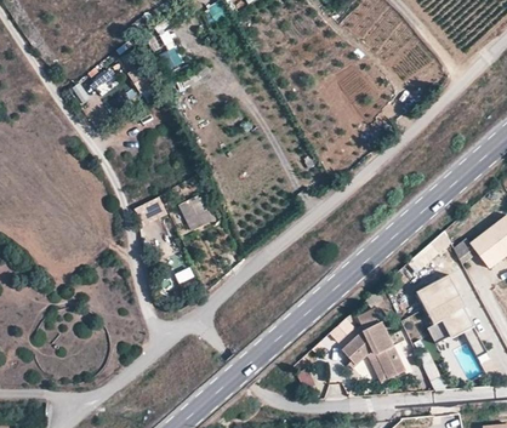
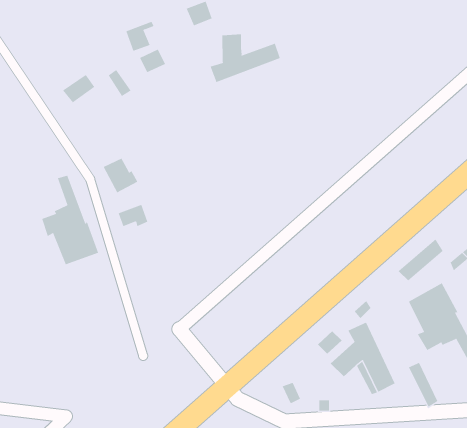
building: none -> [210,33,281,83]
building: none -> [42,175,99,265]
building: [178,196,212,230] -> [103,158,138,193]

